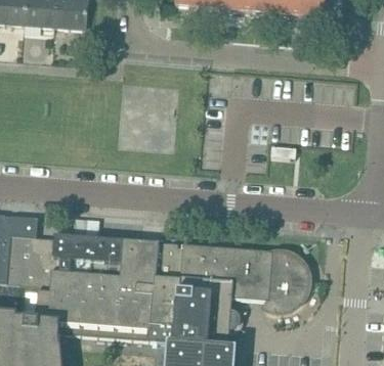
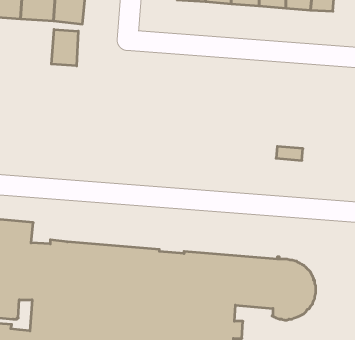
building: none -> [51,29,78,66]

